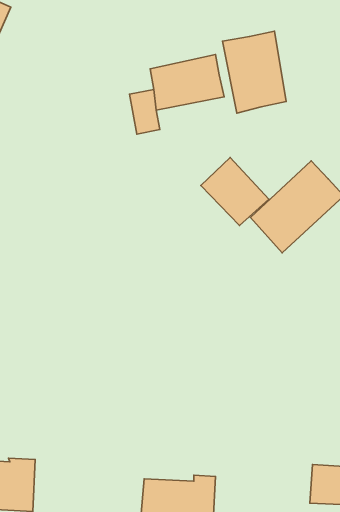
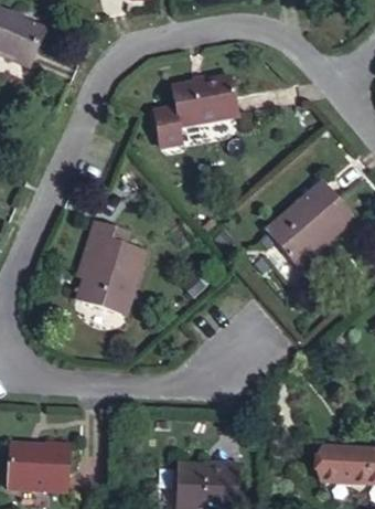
building: [223,31,286,113] -> none
building: [201,157,269,226] -> none
building: none -> [78,220,147,315]

